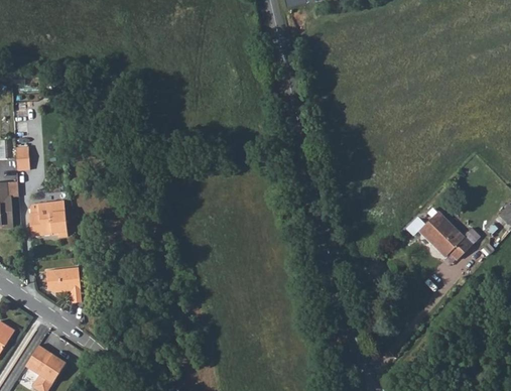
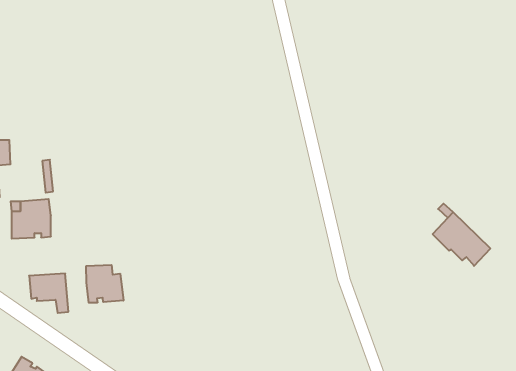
building: none -> [86,265,123,303]

